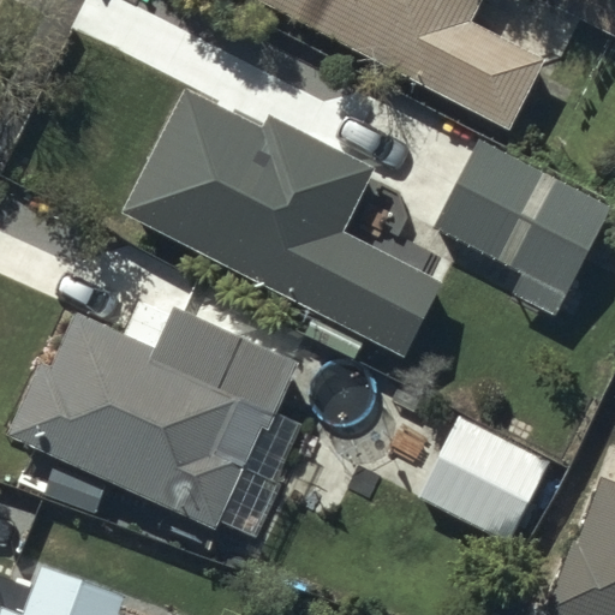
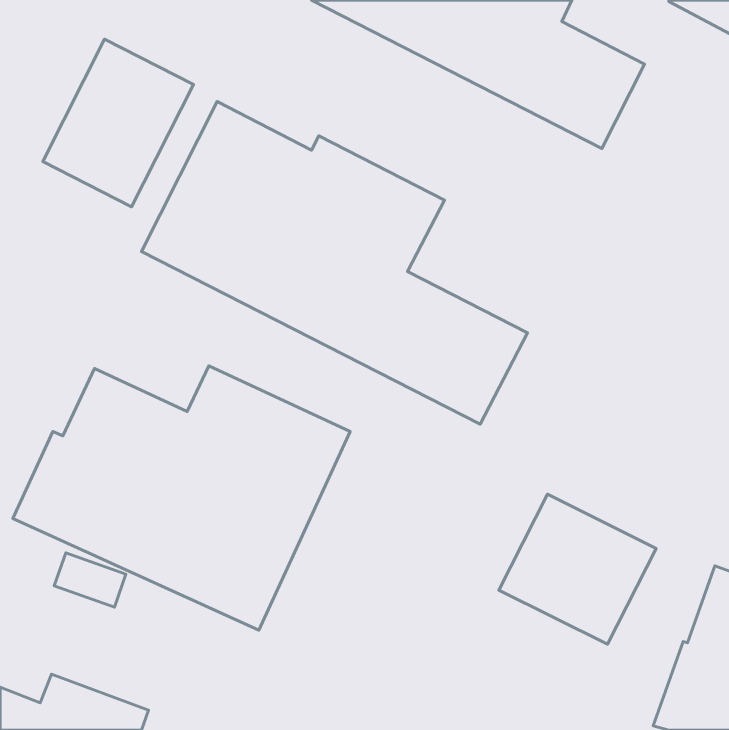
building: none -> [43,39,193,207]
building: [436,142,609,315] -> none

